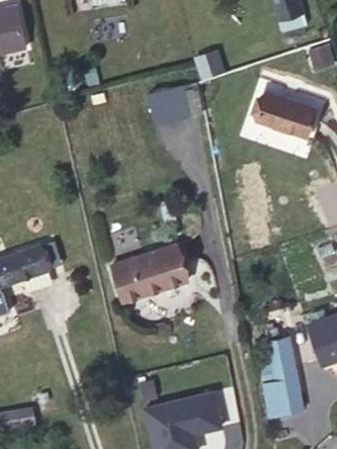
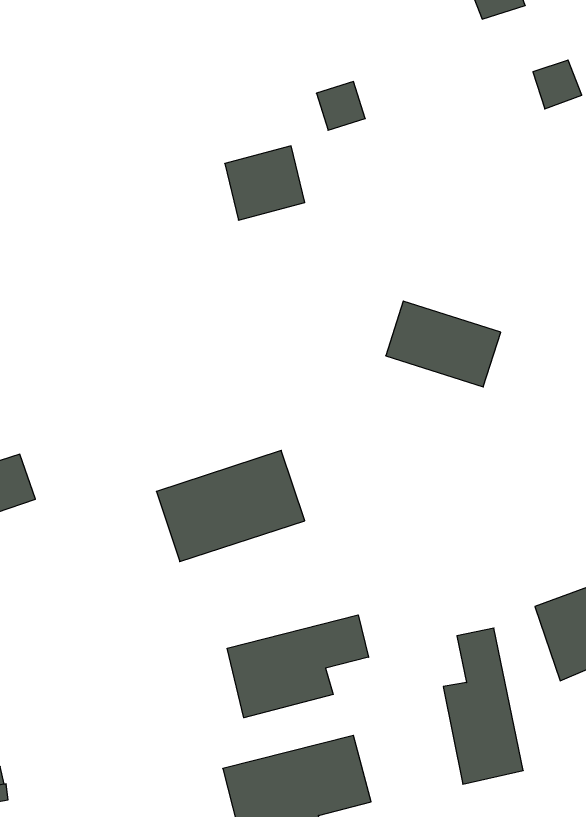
building: [257,92,317,137] -> [386,301,501,387]
building: none -> [227,615,369,718]

